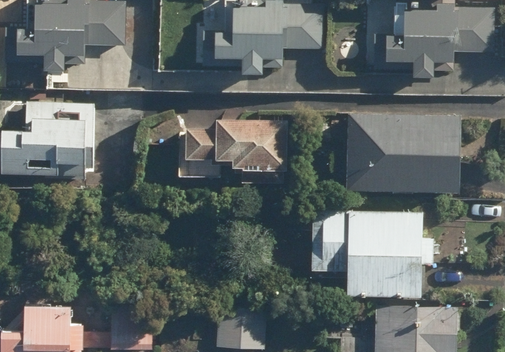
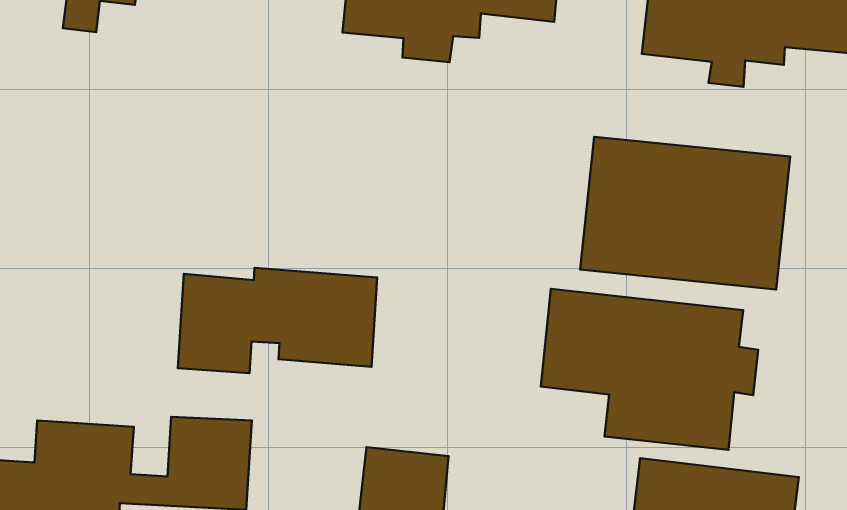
building: [15,96,112,169] -> none
building: [191,111,301,171] -> [178,268,377,373]

